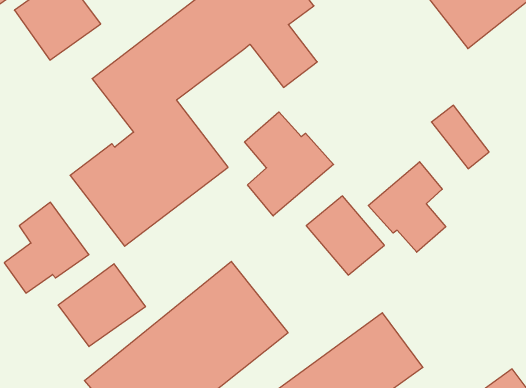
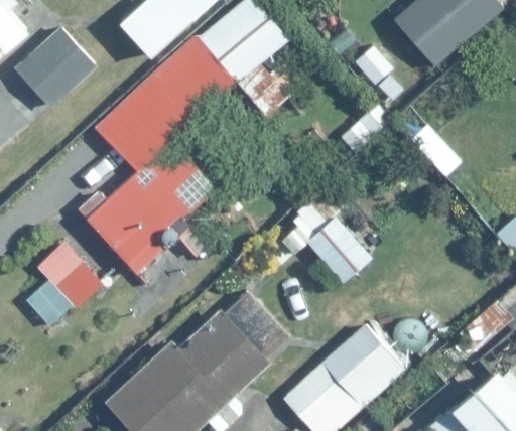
building: [245,112,334,216] -> none
building: [368,162,446,252] -> none
building: [58,264,145,347] -> none

